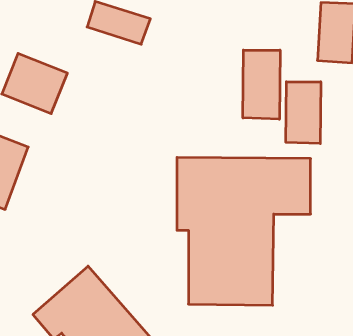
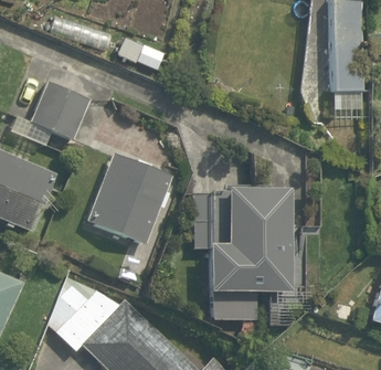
building: [243,50,280,119] -> none
building: [286,82,321,144] -> none
building: none -> [91,157,176,246]

